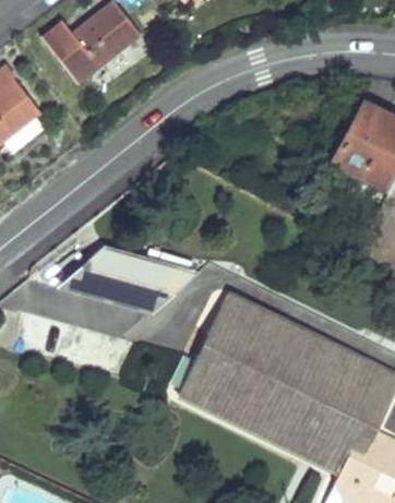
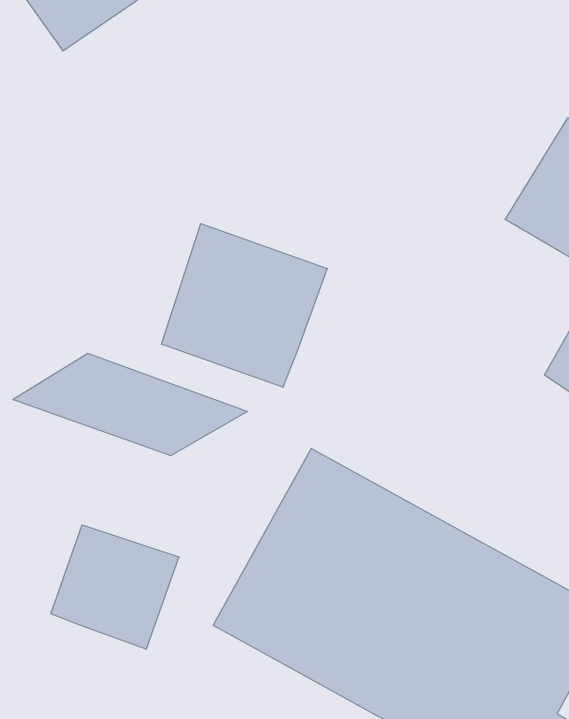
building: none -> [161,224,327,387]
building: none -> [51,525,179,649]

